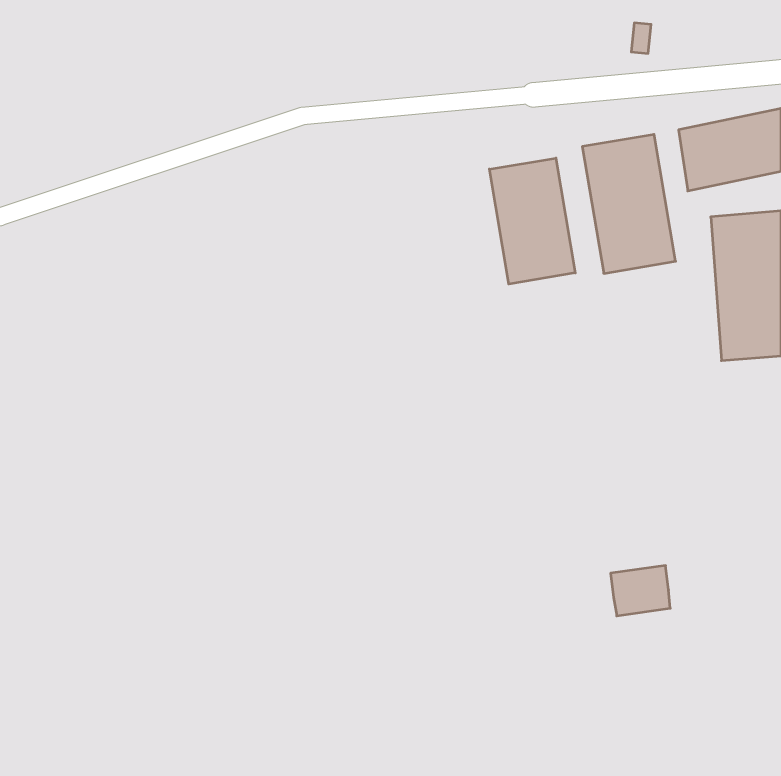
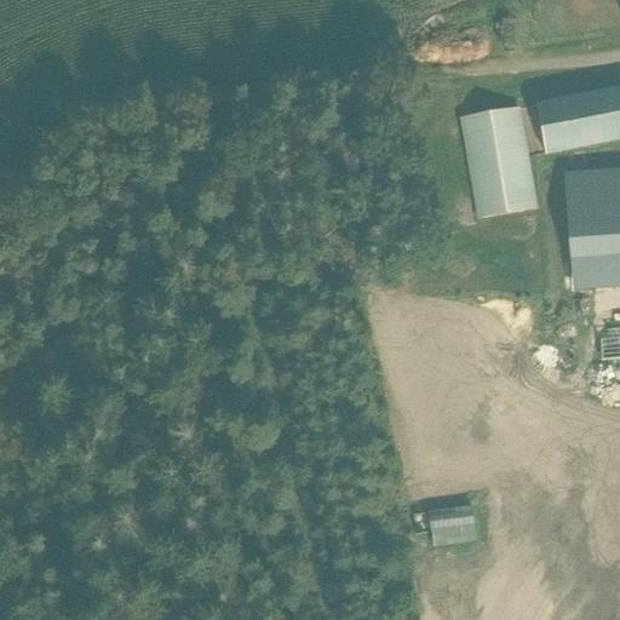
building: [489,158,575,284] -> none
building: [611,566,670,616] -> [429,505,476,545]

